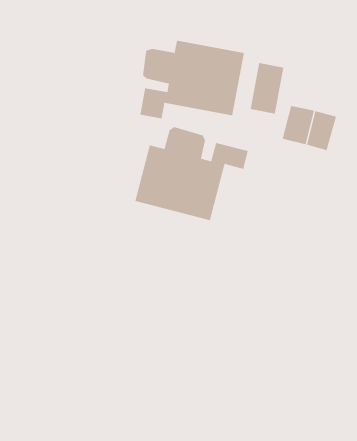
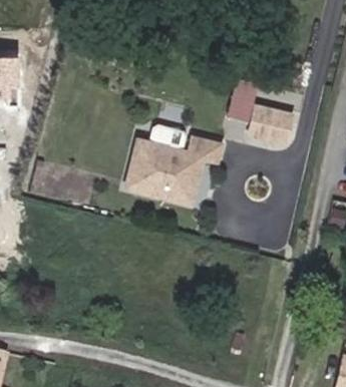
building: [140,40,245,119] -> none

